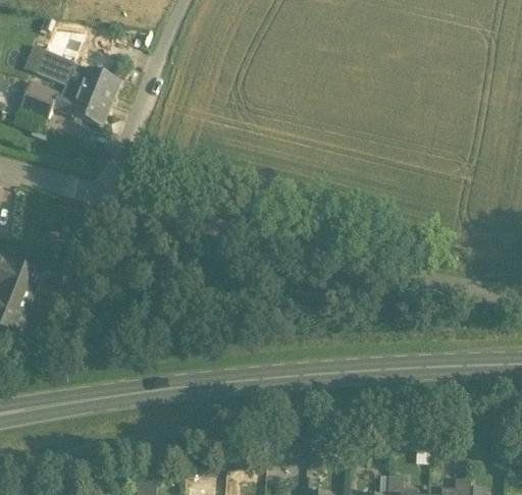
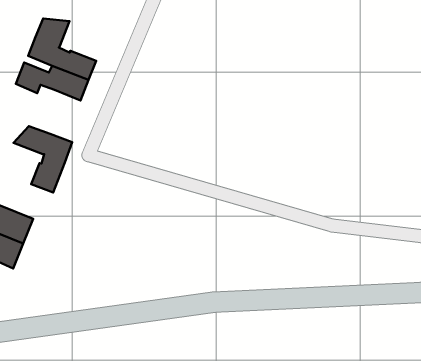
building: none -> [13,126,72,193]

